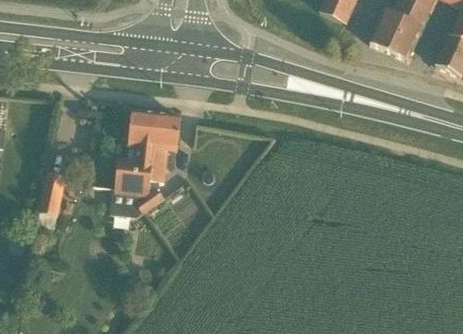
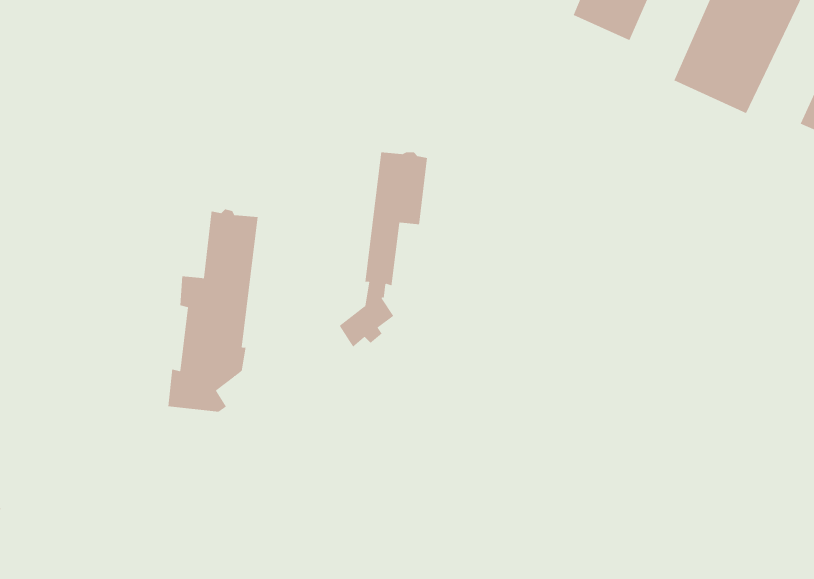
building: [135,114,181,214] -> [339,152,428,347]
building: [38,173,65,216] -> none

